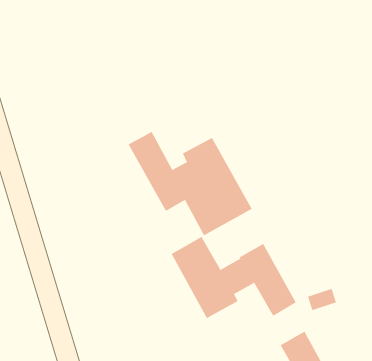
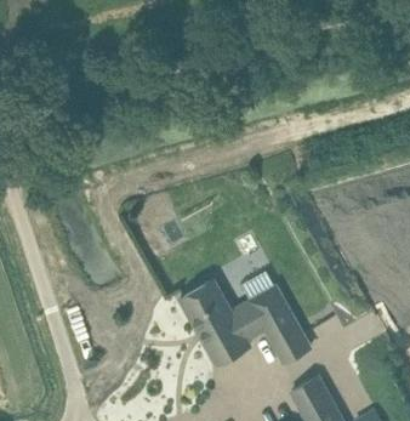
building: [128,131,252,236] -> none

